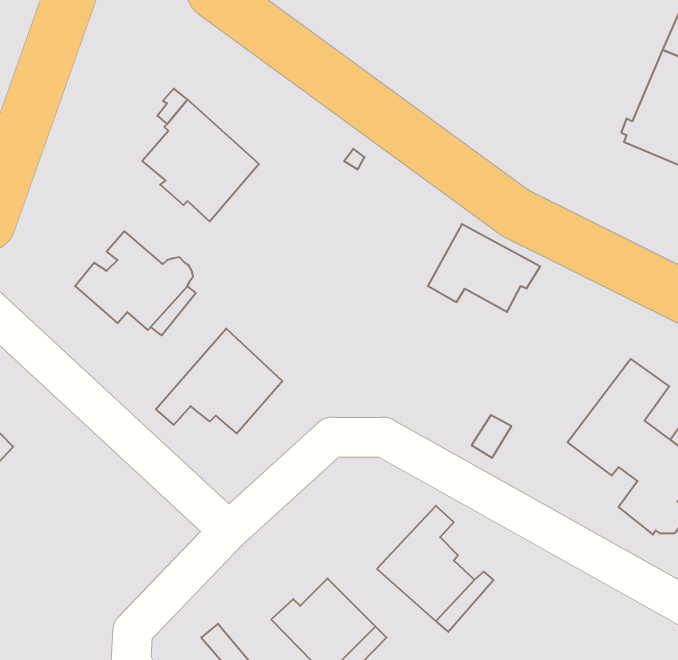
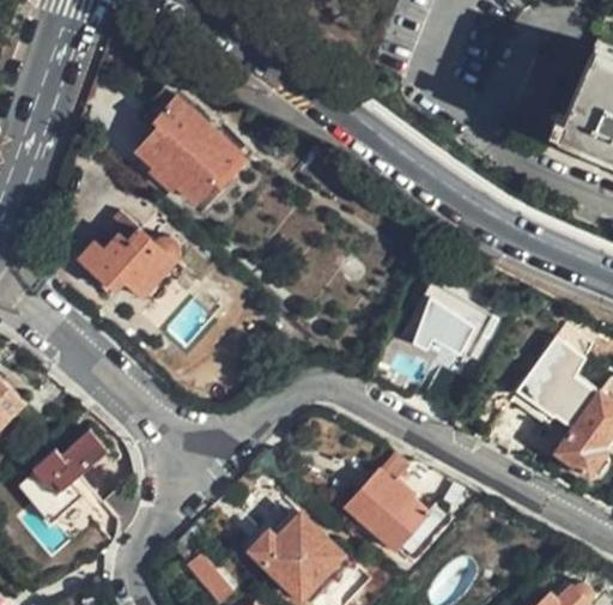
building: [428,224,540,312] -> [401,282,499,358]
building: [156,328,282,434] -> none
building: none -> [18,432,108,526]

